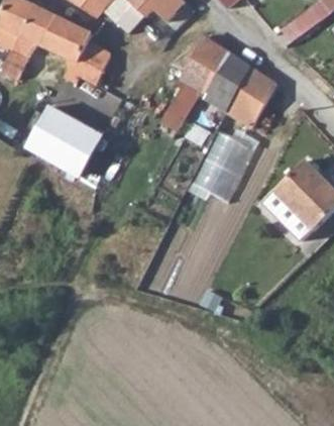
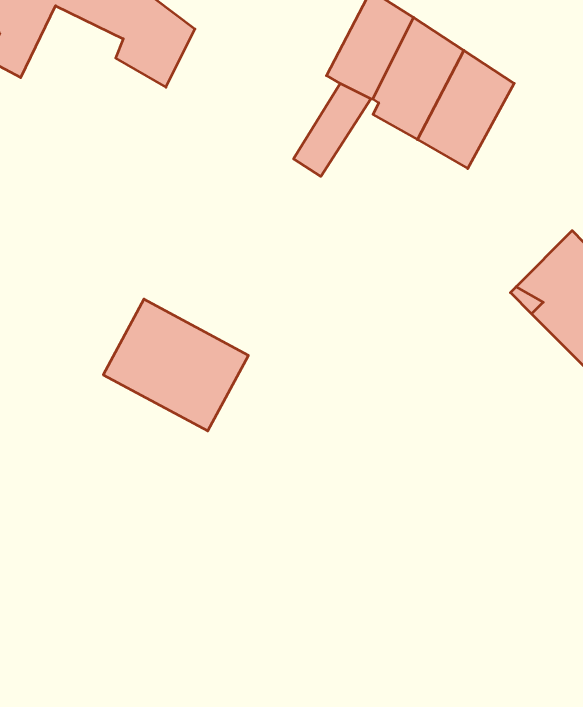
building: [26,106,102,175] -> [103,299,248,431]
building: [191,120,260,206] -> none

